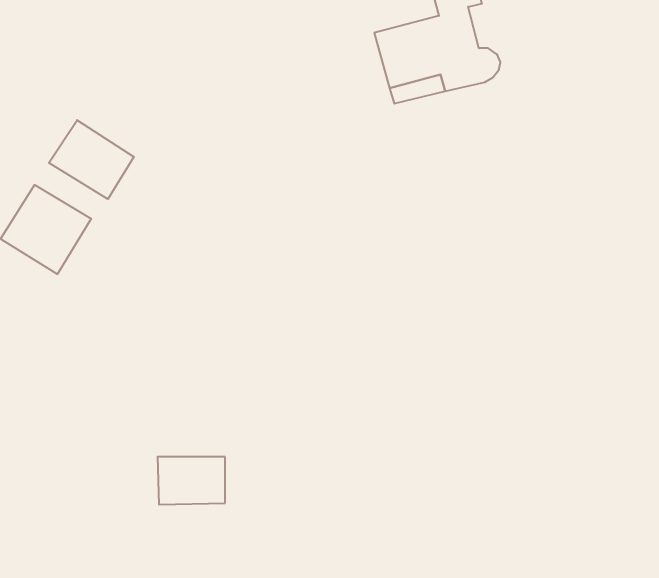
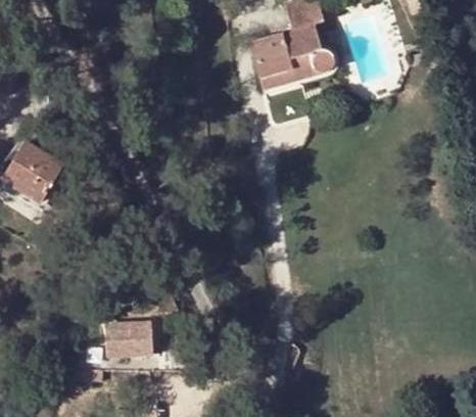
building: [49,120,134,199] -> none

